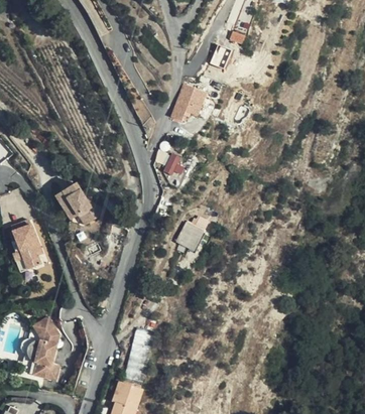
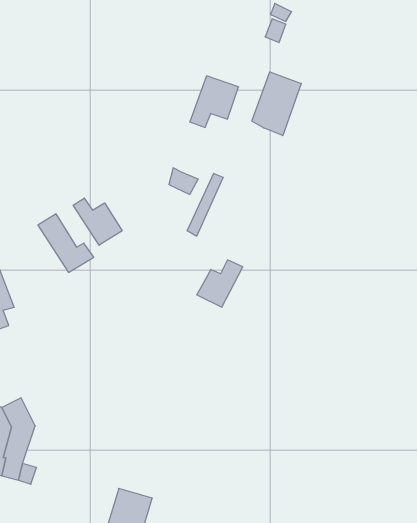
building: none -> [252,72,301,136]
building: none -> [73,198,122,245]
building: [124,326,154,381] -> none

